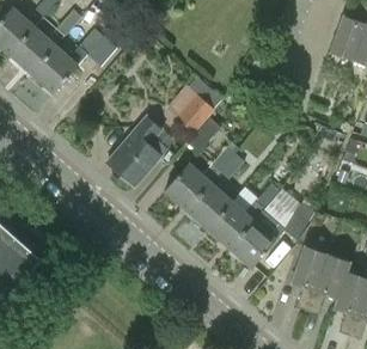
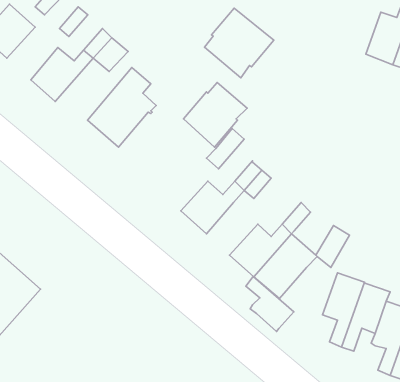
building: none -> [204,8,274,78]
building: [10,27,55,74] -> none
building: [106,116,167,186] -> [87,68,156,147]
building: [186,183,232,229] -> none
building: none -> [246,276,294,332]

